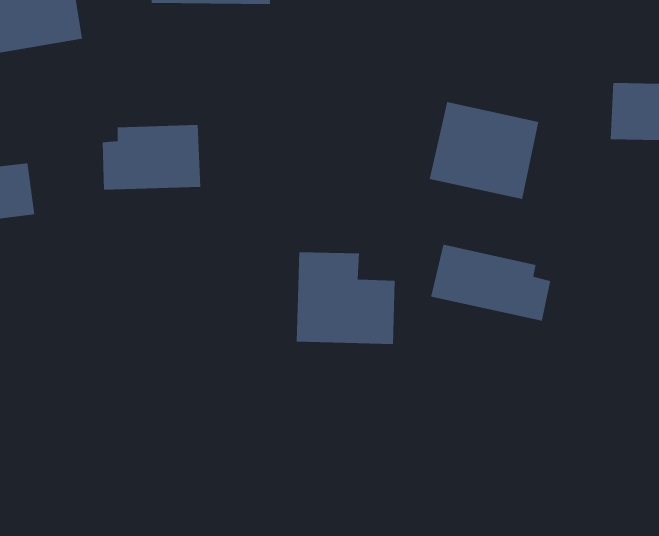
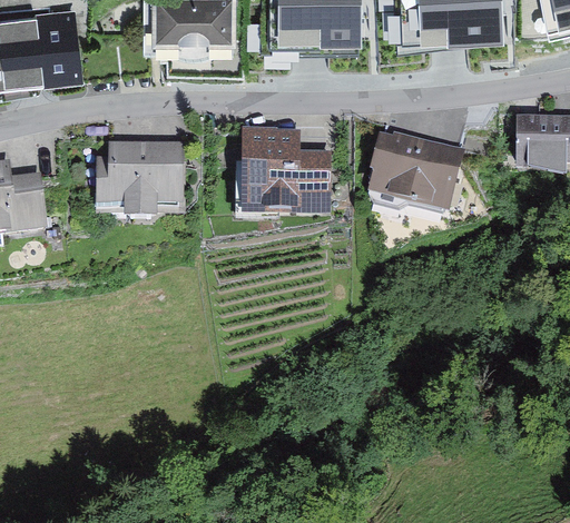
building: [430,244,551,321] -> none
building: [296,252,395,344] -> [245,136,326,211]

